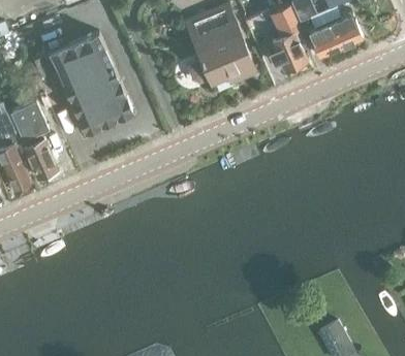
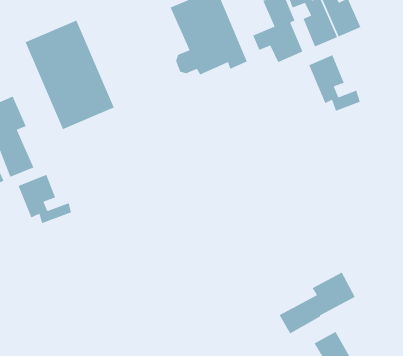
building: none -> [308,54,361,112]
building: none -> [17,174,72,224]
building: none -> [279,271,356,335]

